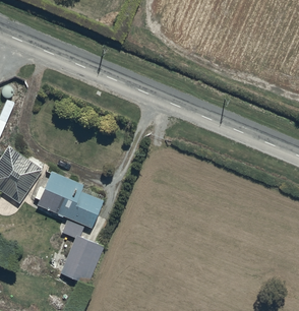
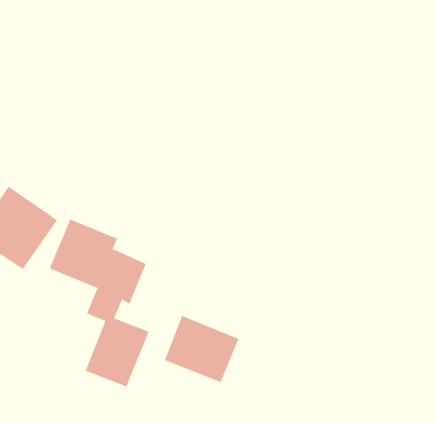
building: none -> [164,315,239,383]

